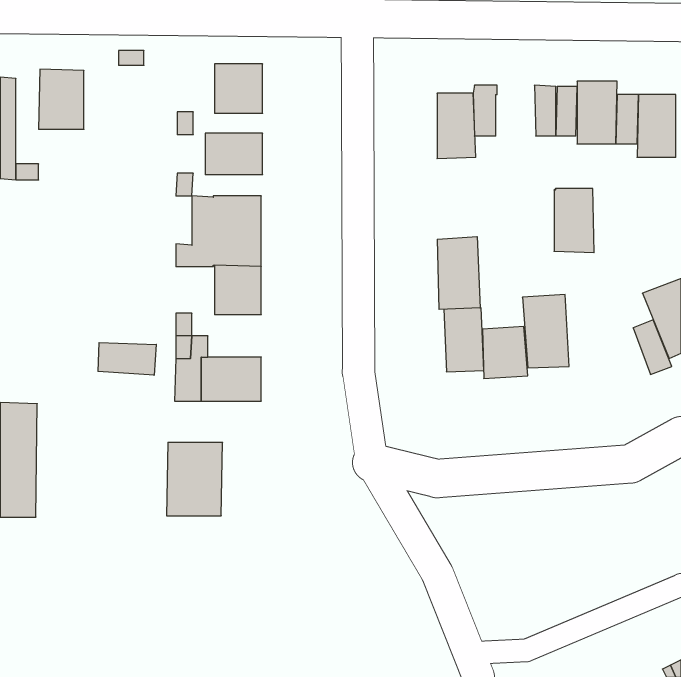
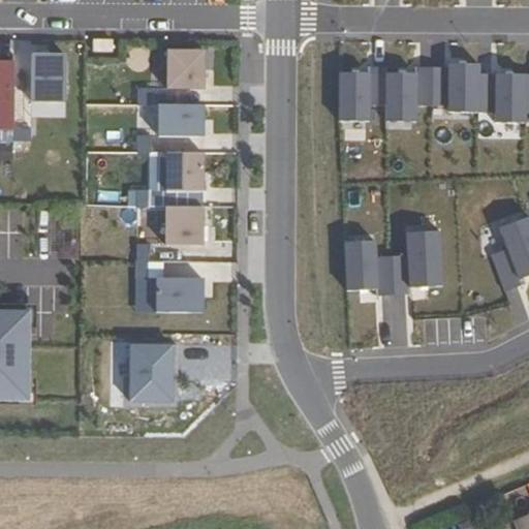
building: [554,189,594,253] -> [384,72,415,122]
building: [437,237,480,309] -> none
building: [98,343,156,375] -> none

